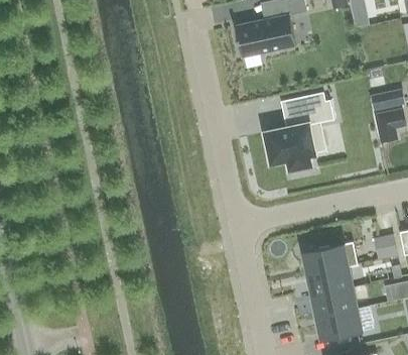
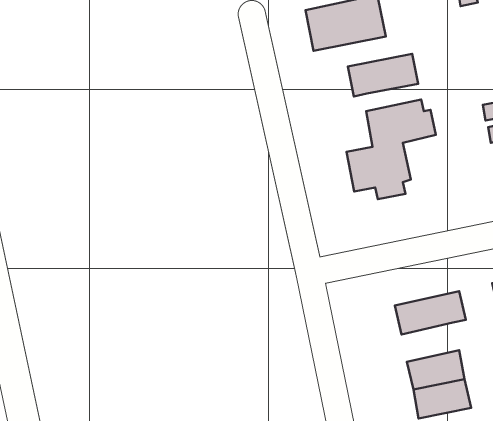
building: none -> [348,54,418,97]
building: [308,266,353,297] -> none

